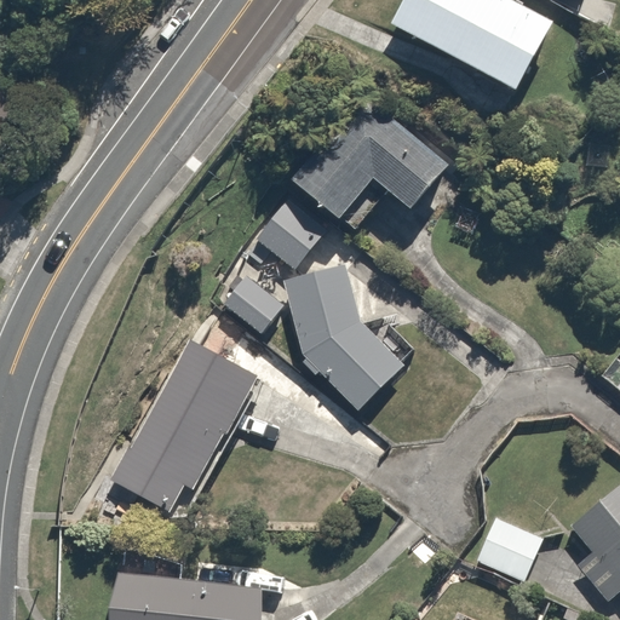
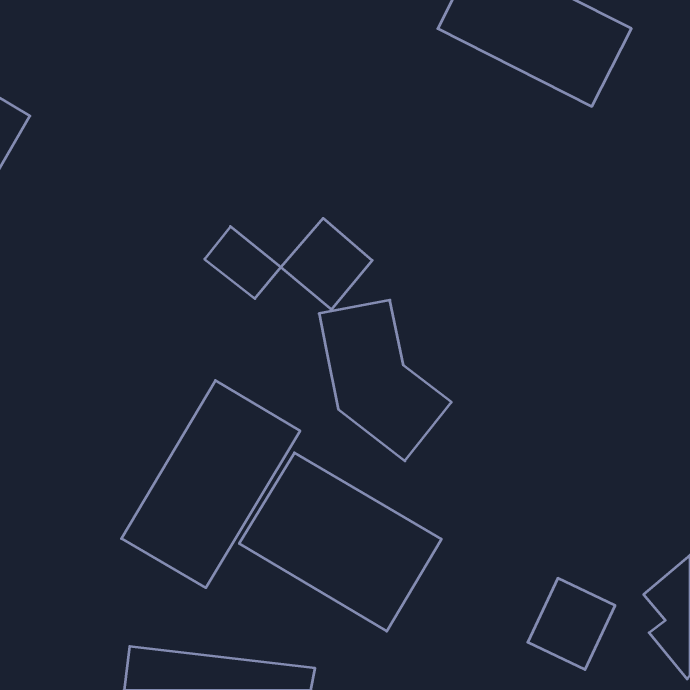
building: [287,87,461,228] -> none
building: [222,272,289,337] -> [205,226,281,299]
building: none -> [239,453,441,631]

